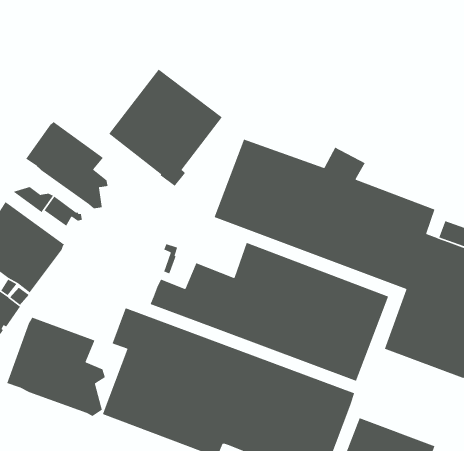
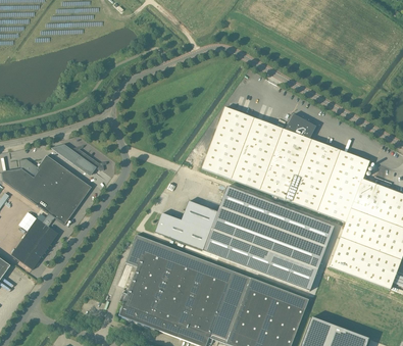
building: [108,68,223,187] -> none
building: [25,121,109,209] -> none
building: [6,316,106,417] -> none

